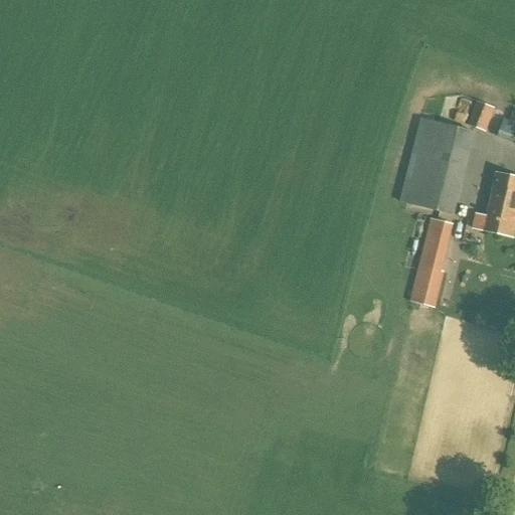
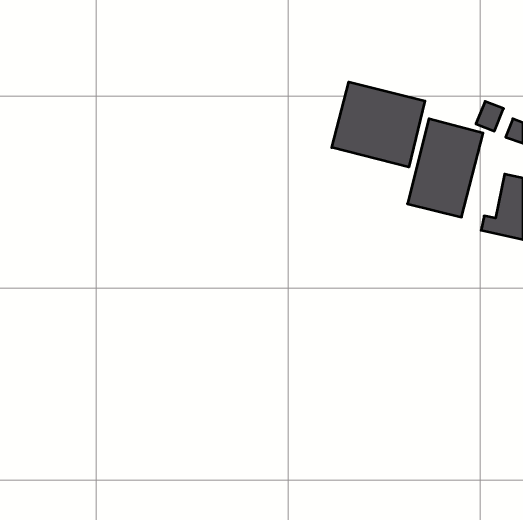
building: none -> [332,82,425,167]
building: [410,217,453,306] -> none

